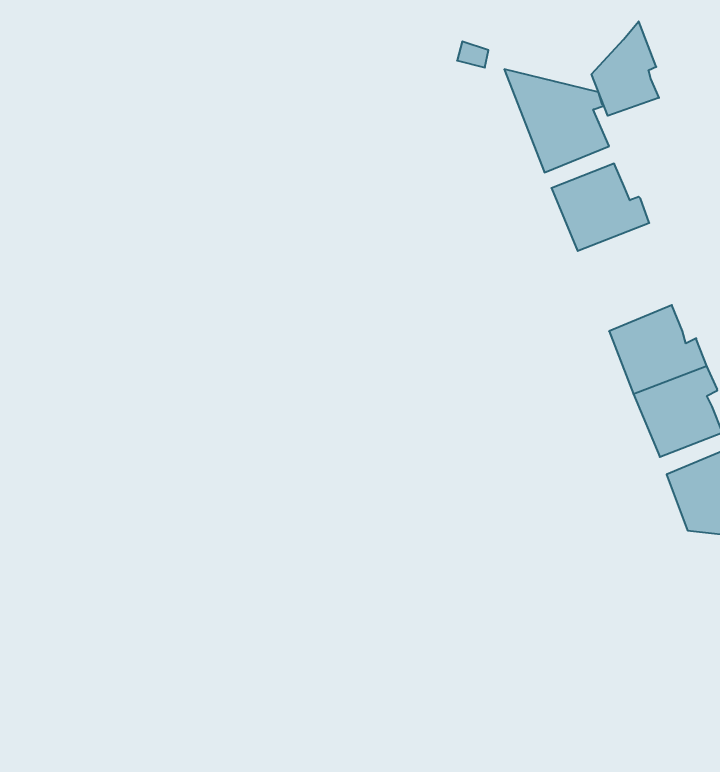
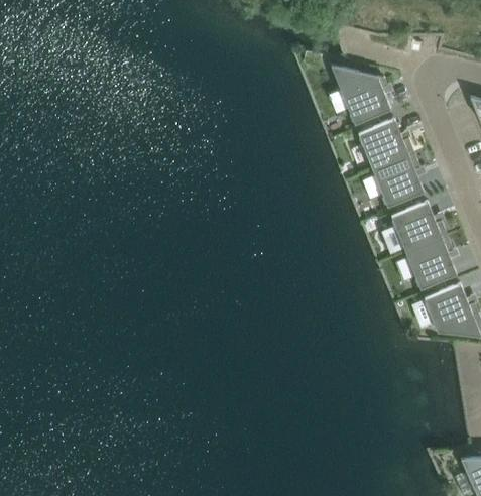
building: [592,21,659,116] -> none
building: none -> [373,154,424,207]

